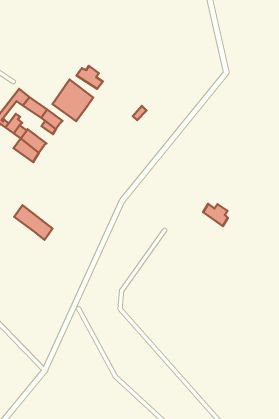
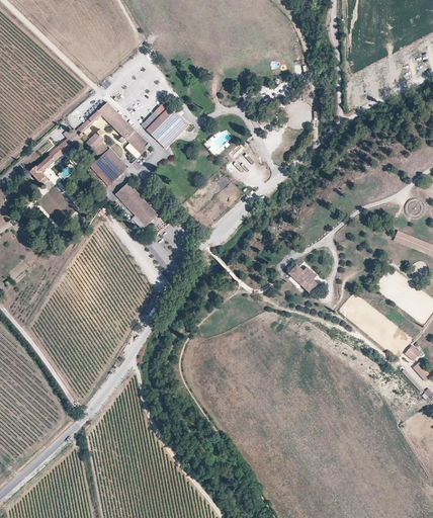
building: [77,66,103,89] -> none
building: [14,205,53,240] -> [116,183,157,226]

